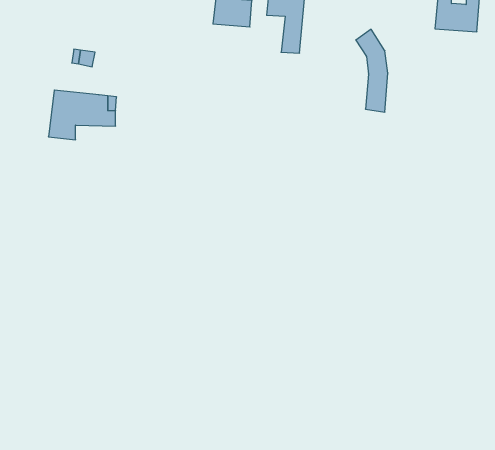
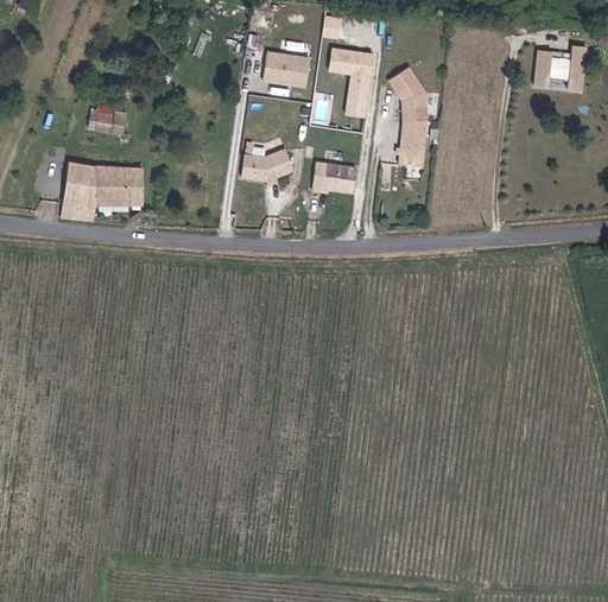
building: [356,29,388,112] -> [386,69,425,170]
building: none -> [241,151,294,183]
building: none -> [312,163,356,192]

